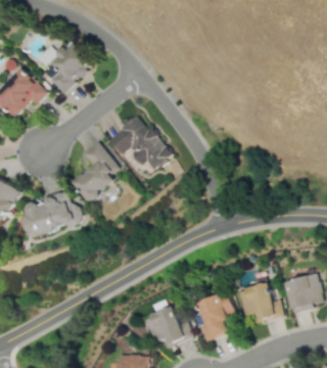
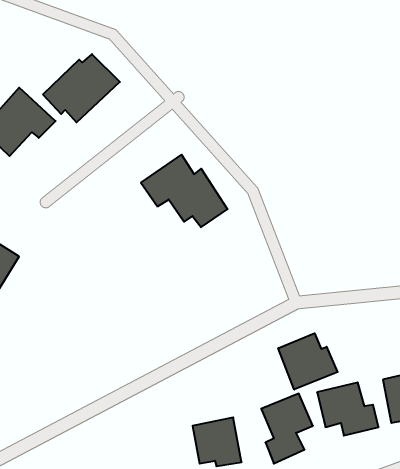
building: [75,141,121,201] -> none
building: [21,190,81,238] -> none
building: none -> [278,333,338,390]

